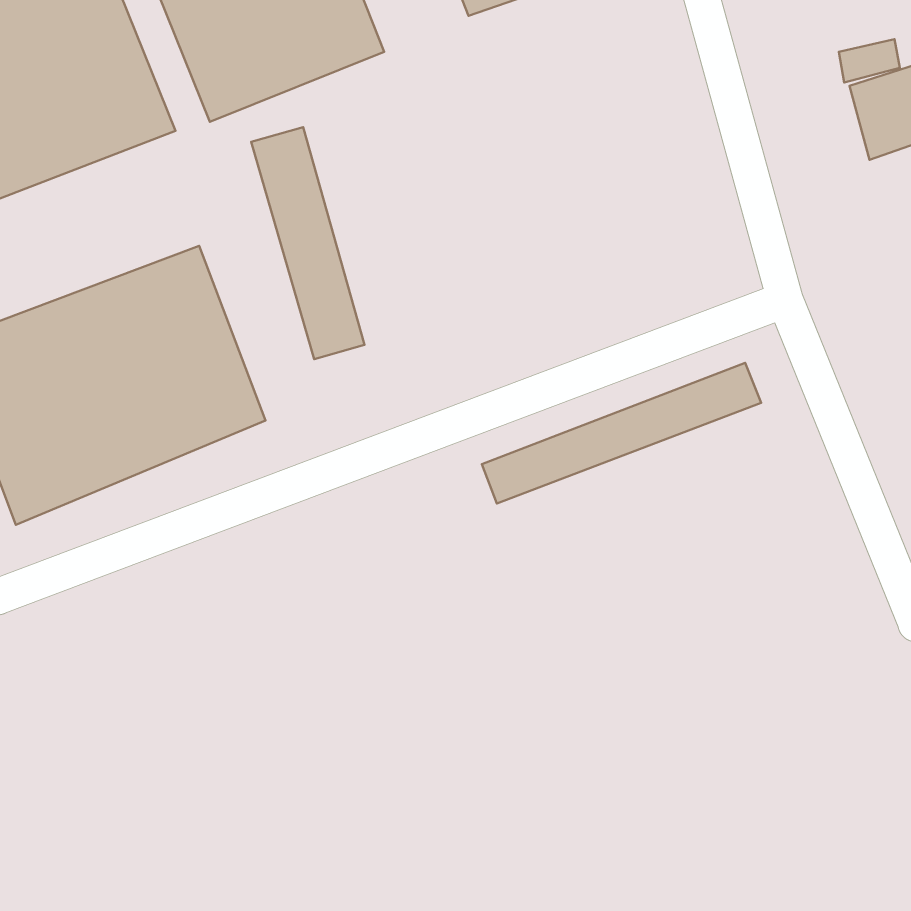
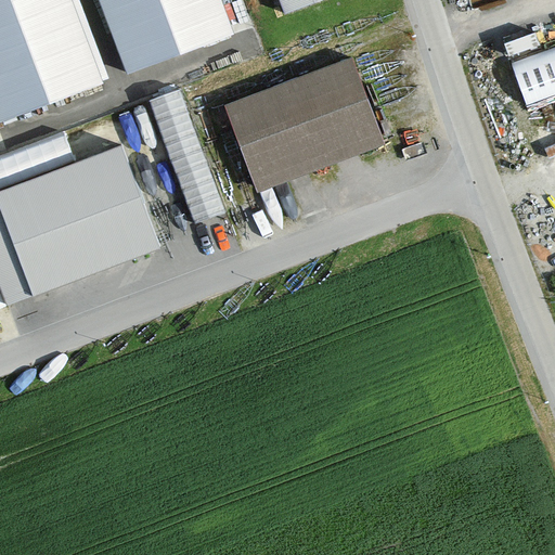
building: none -> [225,56,383,190]
building: [482,363,761,503] -> none

